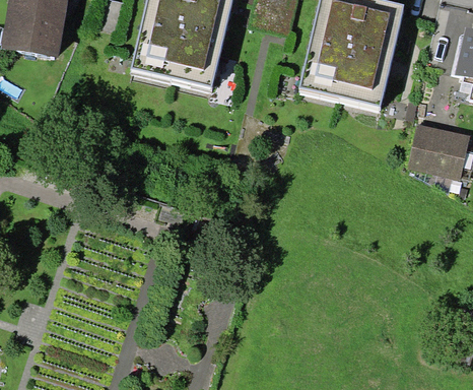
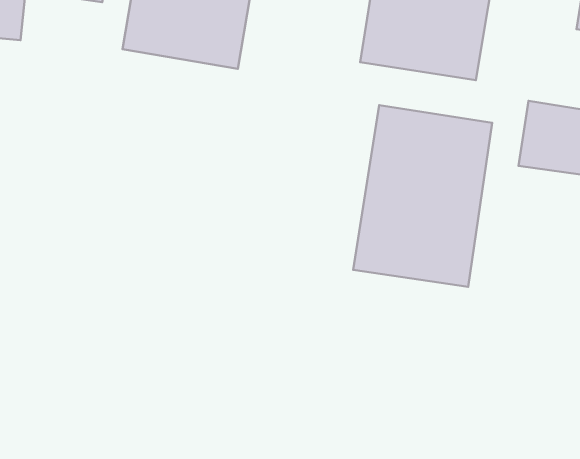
building: none -> [353,105,492,287]

